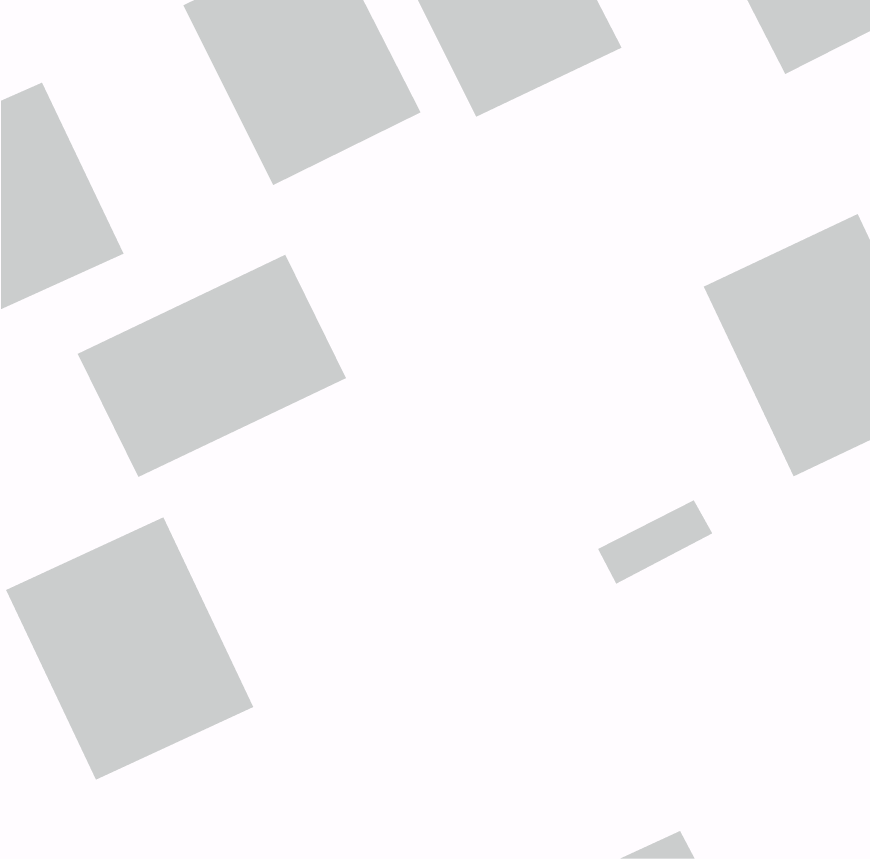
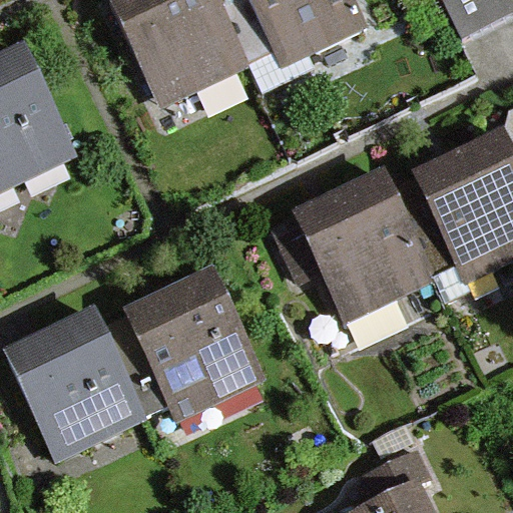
building: [77,254,347,478] -> none
building: none -> [295,179,427,319]
building: none -> [124,263,269,419]

